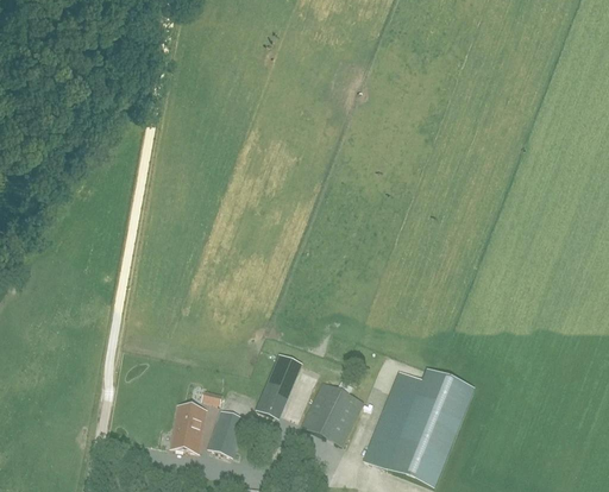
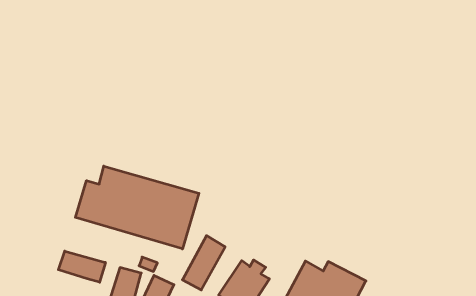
building: none -> [75,166,199,249]
building: none -> [58,251,105,282]

